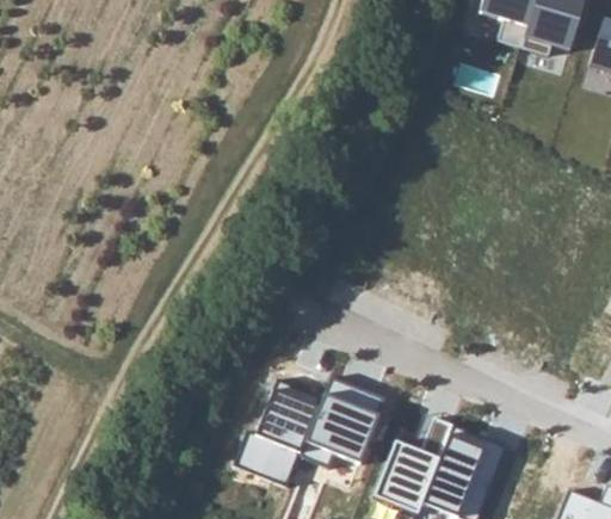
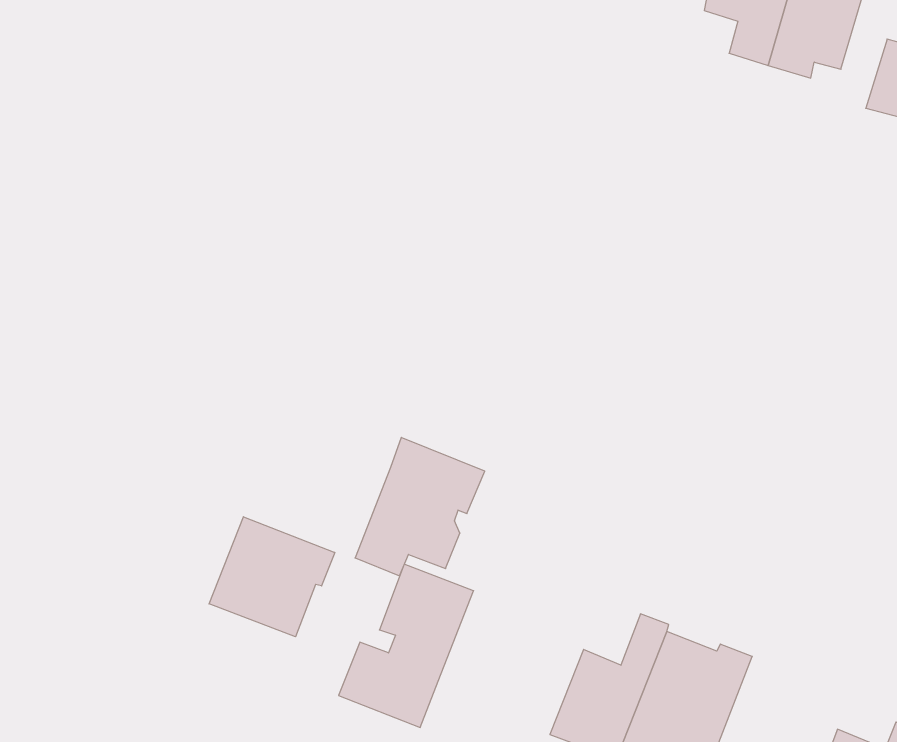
building: none -> [209,517,335,637]
building: [298,379,385,472] -> [355,437,485,576]

